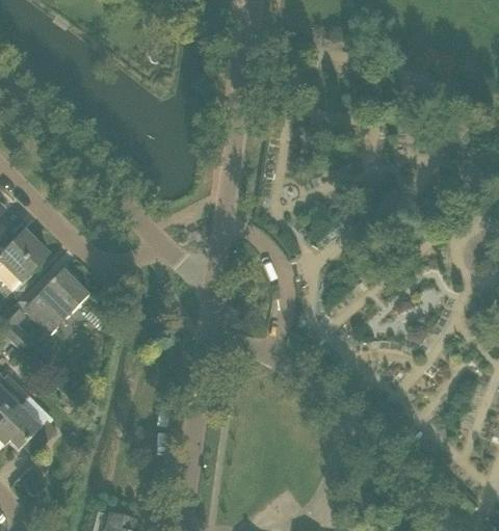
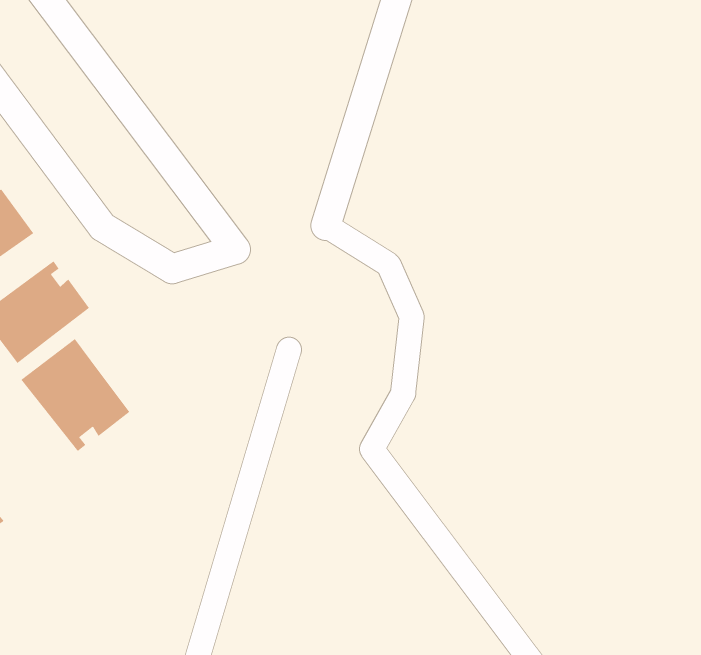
building: none -> [20,338,130,452]

